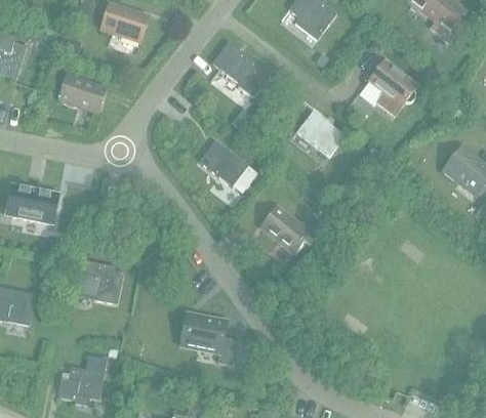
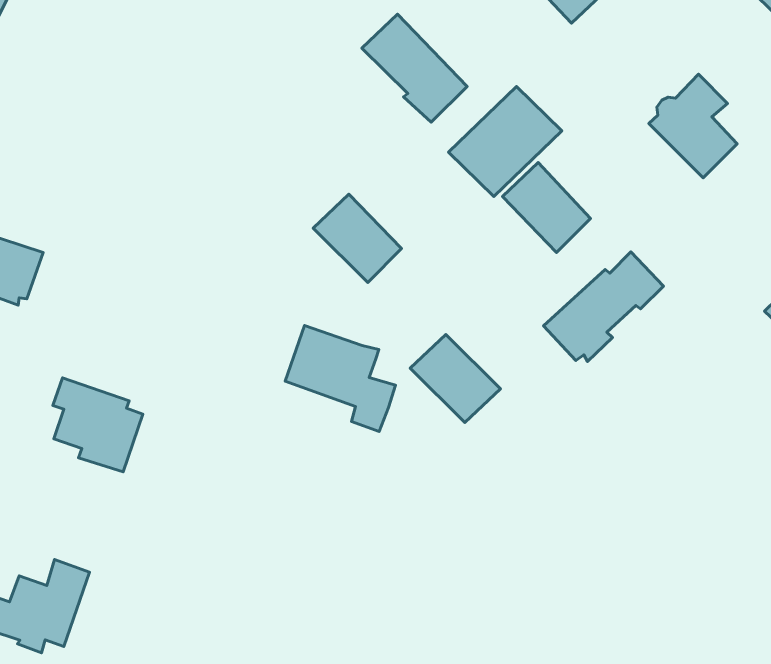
building: none -> [449,86,562,196]
building: [58,75,105,113] -> none
building: none -> [543,252,663,361]
building: [179,314,238,364] -> [285,326,395,431]

